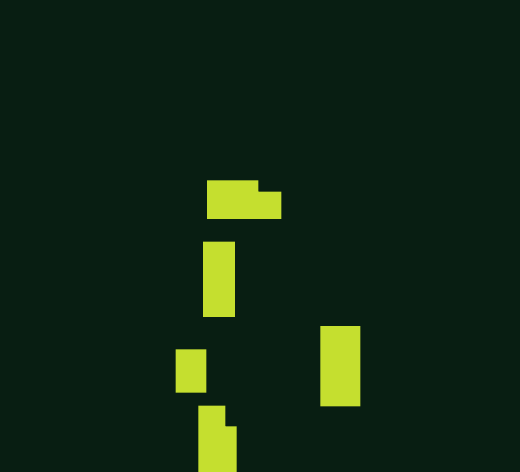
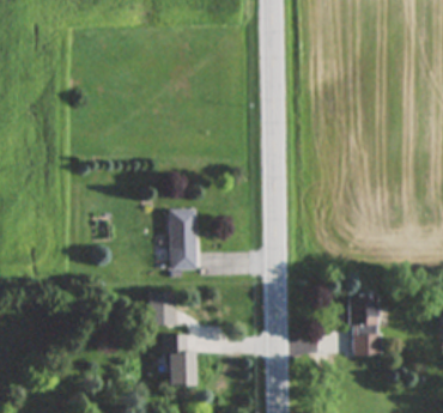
building: [206,180,282,220] -> none
building: [319,325,361,407] -> [351,297,382,358]

